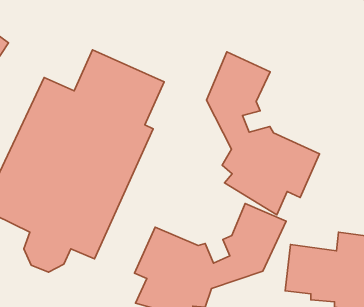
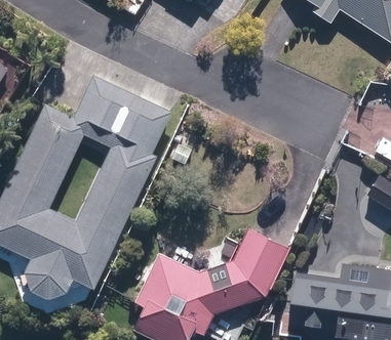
building: [207,52,319,215] -> none

